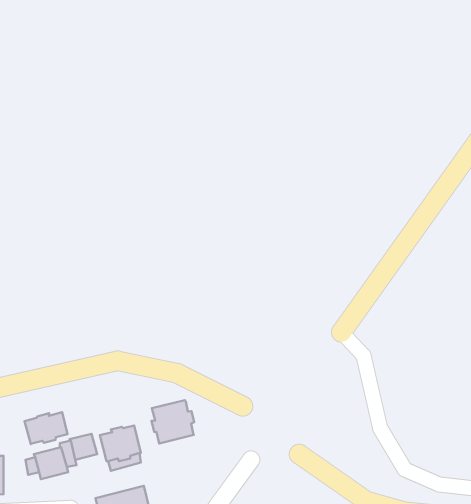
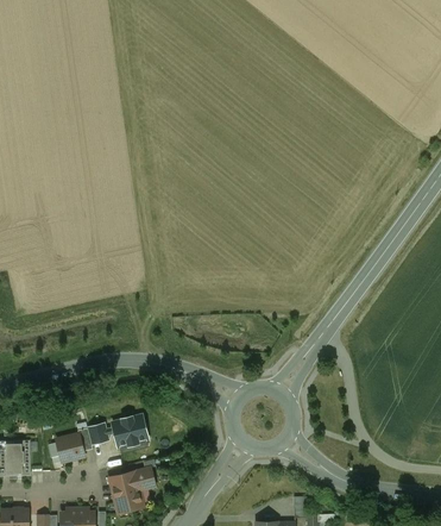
building: [151,400,194,443] -> none
building: [25,412,68,444] -> none

